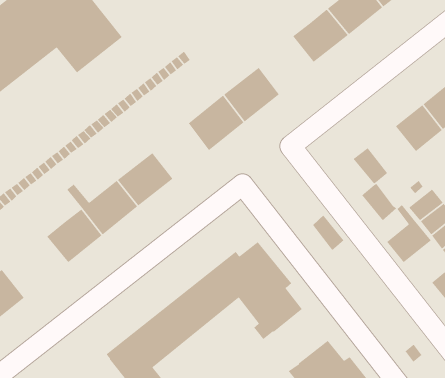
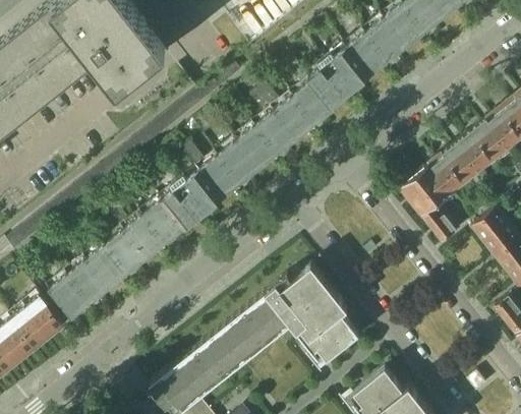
building: none -> [310,48,370,107]
building: none -> [183,140,259,199]
building: none -> [428,143,479,193]
building: [386,204,432,263] -> none
building: [312,215,345,251] -> [400,178,435,217]
building: none -> [49,260,110,319]

